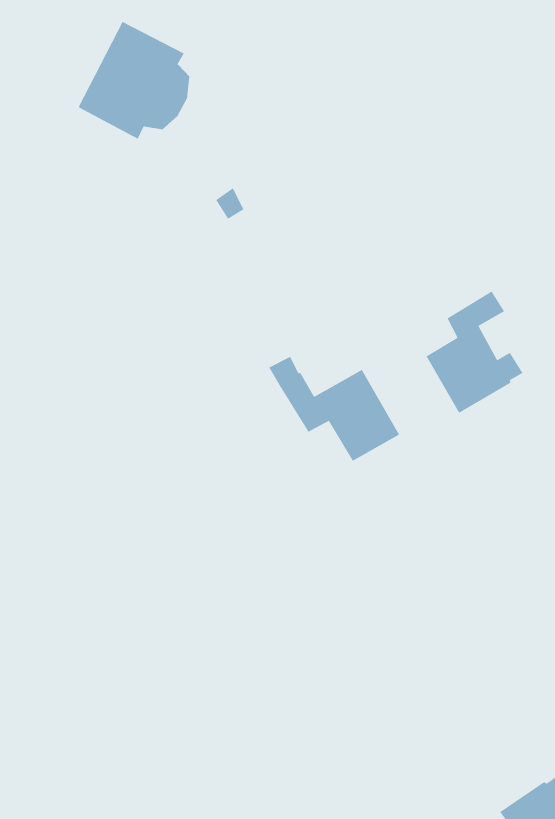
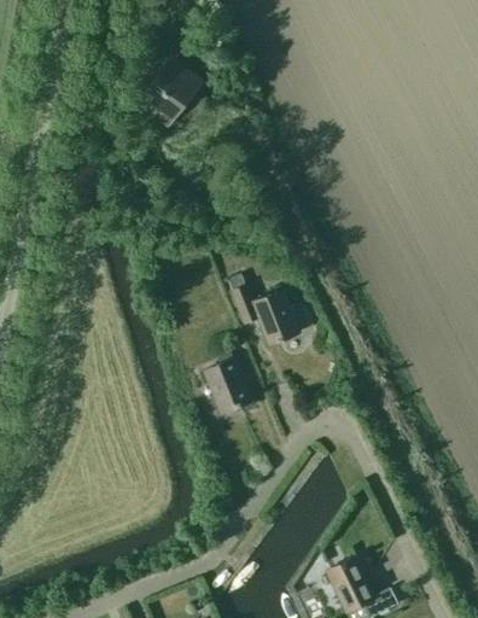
building: [426,290,524,414] -> none
building: none -> [203,351,251,413]

